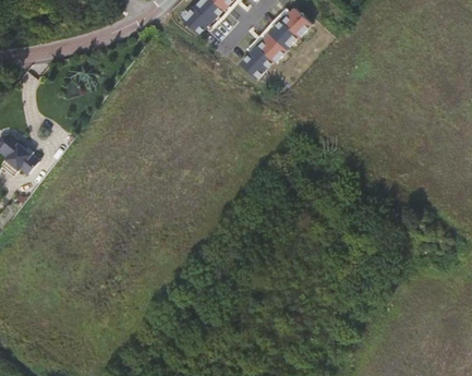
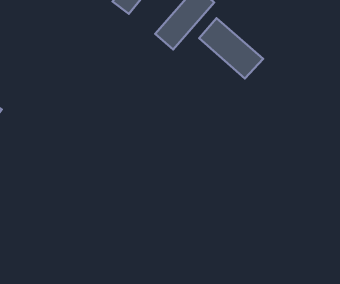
building: none -> [199,18,263,78]

